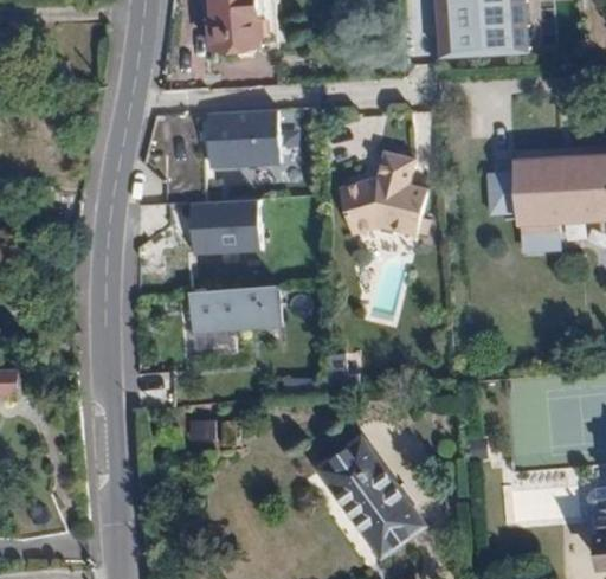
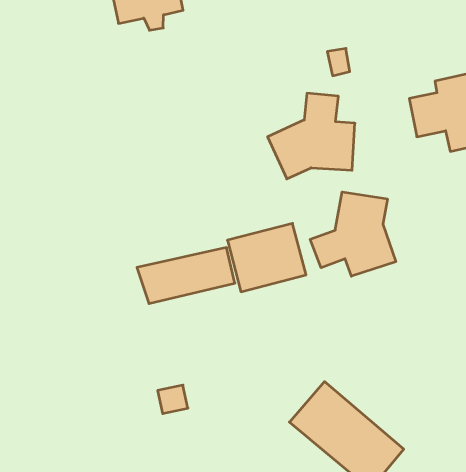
building: [209,109,282,163] -> none
building: [192,195,264,255] -> [227,223,306,292]
building: none -> [310,192,396,276]

